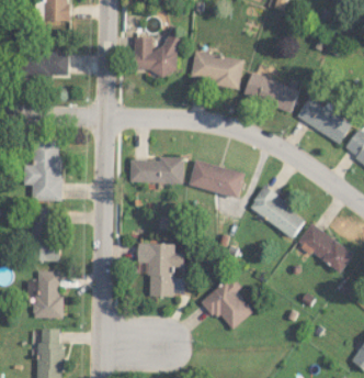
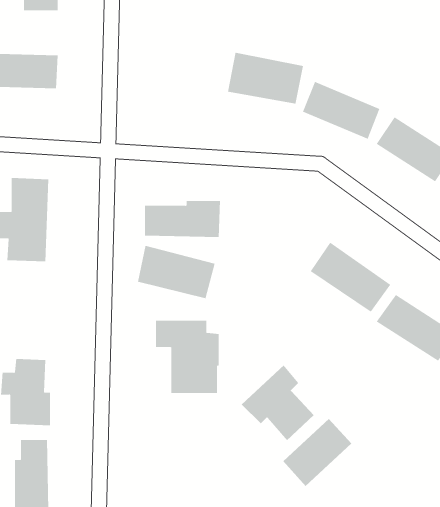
building: [135,36,179,73] -> none
building: [190,159,246,198] -> [137,245,215,299]
building: [32,207,57,262] -> none
building: none -> [282,418,352,487]

